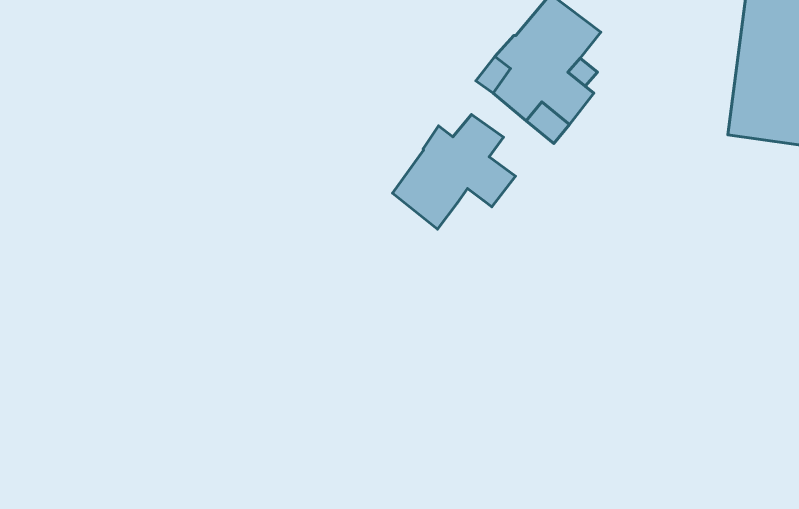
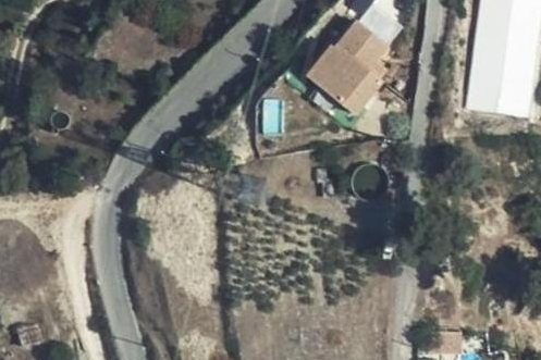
building: [392,114,515,229] -> none

